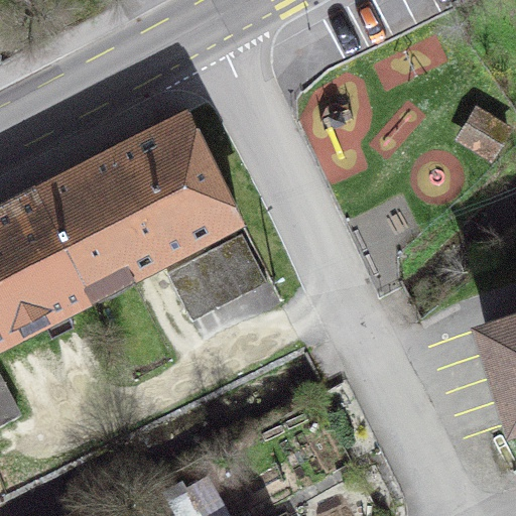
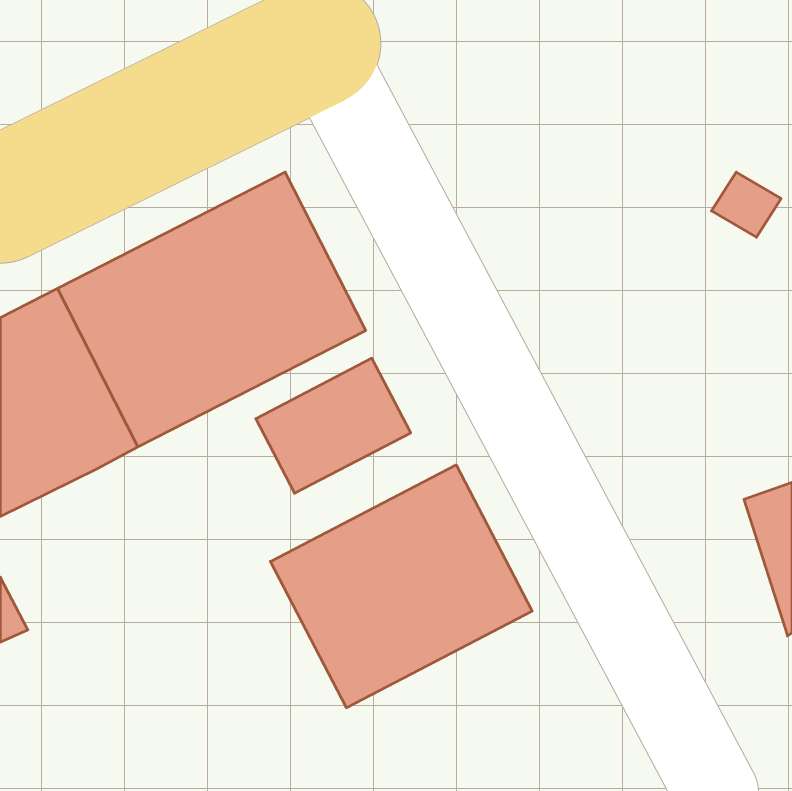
building: none -> [270,465,532,708]

